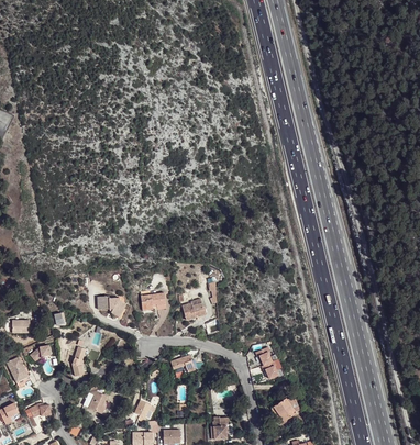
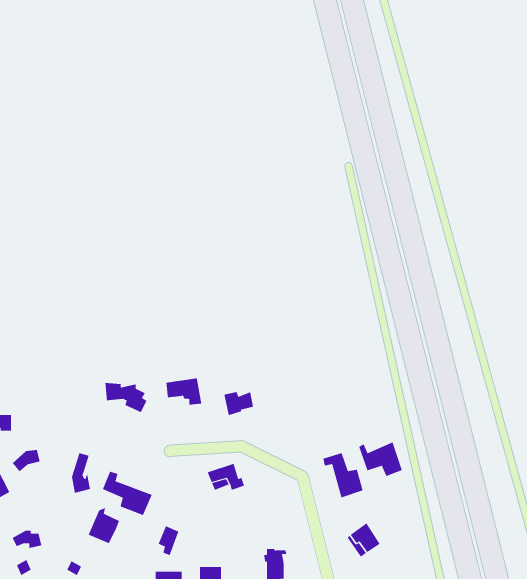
building: none -> [359,442,402,477]
building: none -> [102,471,152,516]

